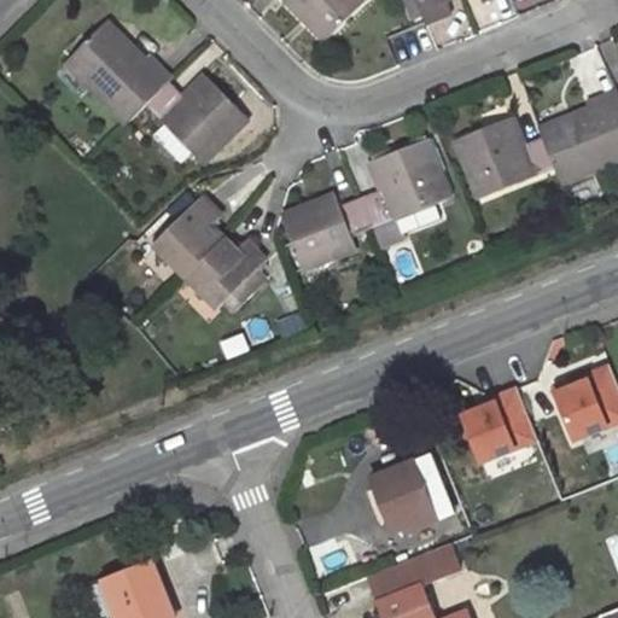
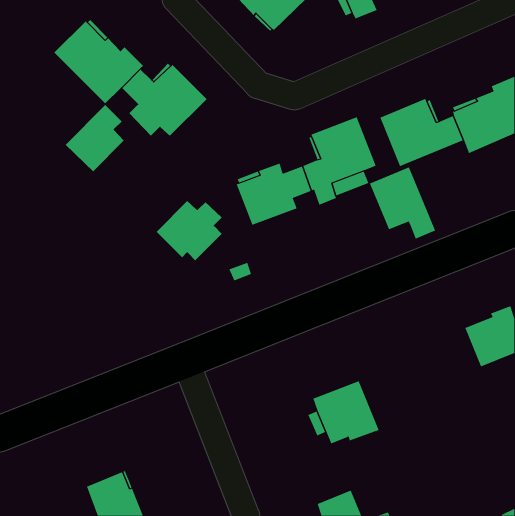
building: [152,196,223,276] -> [65,104,124,172]
building: none -> [369,166,436,240]
building: [461,389,536,462] -> none
building: [367,544,456,601] -> none

